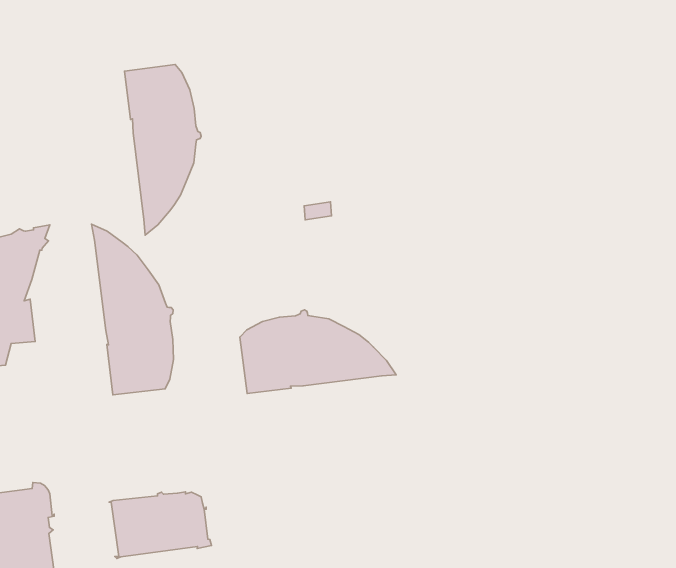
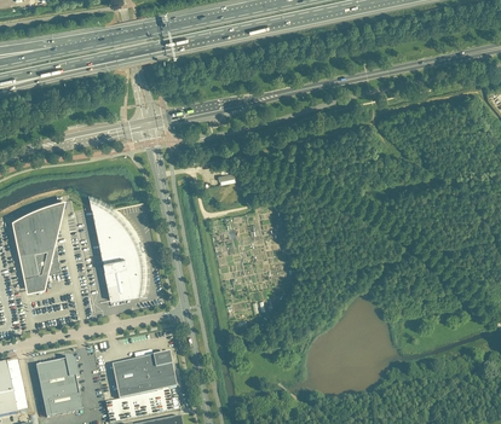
building: [125,65,201,235] -> none
building: [240,310,396,394] -> none

